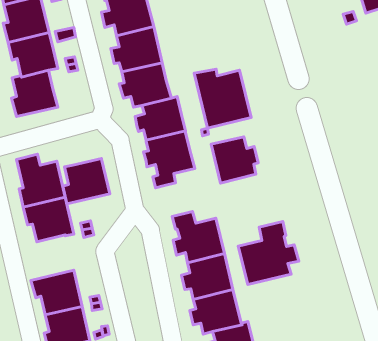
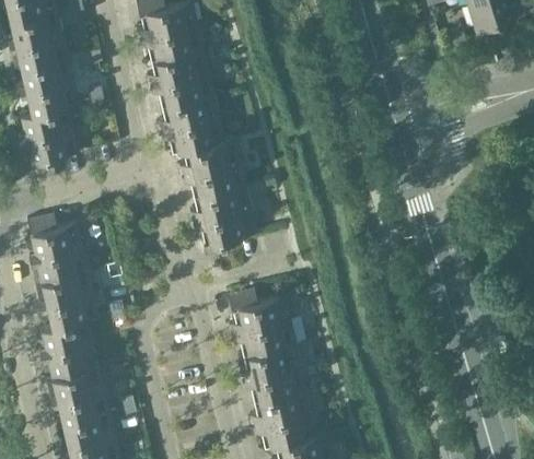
building: [194,69,251,128] -> none
building: [211,137,258,183] -> none
building: [63,158,110,204] -> [37,320,98,379]
building: [238,222,299,285] -> none

